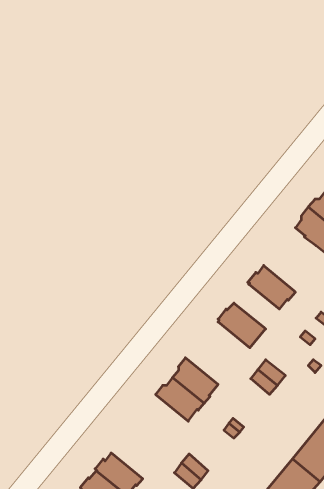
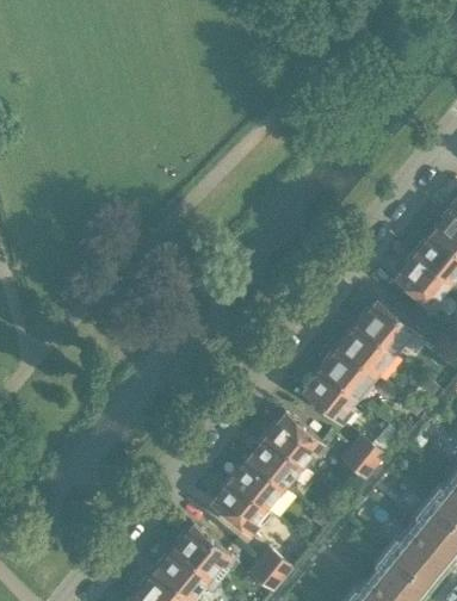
building: none -> [353,303,410,355]
building: none -> [317,347,375,399]
building: none -> [260,415,320,467]
building: none -> [208,479,264,534]
building: none -> [169,527,234,585]

